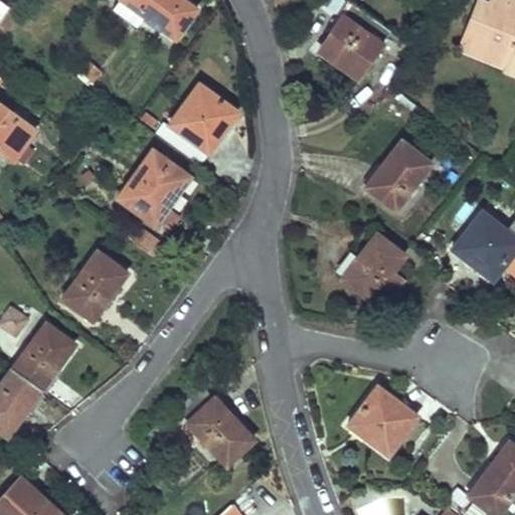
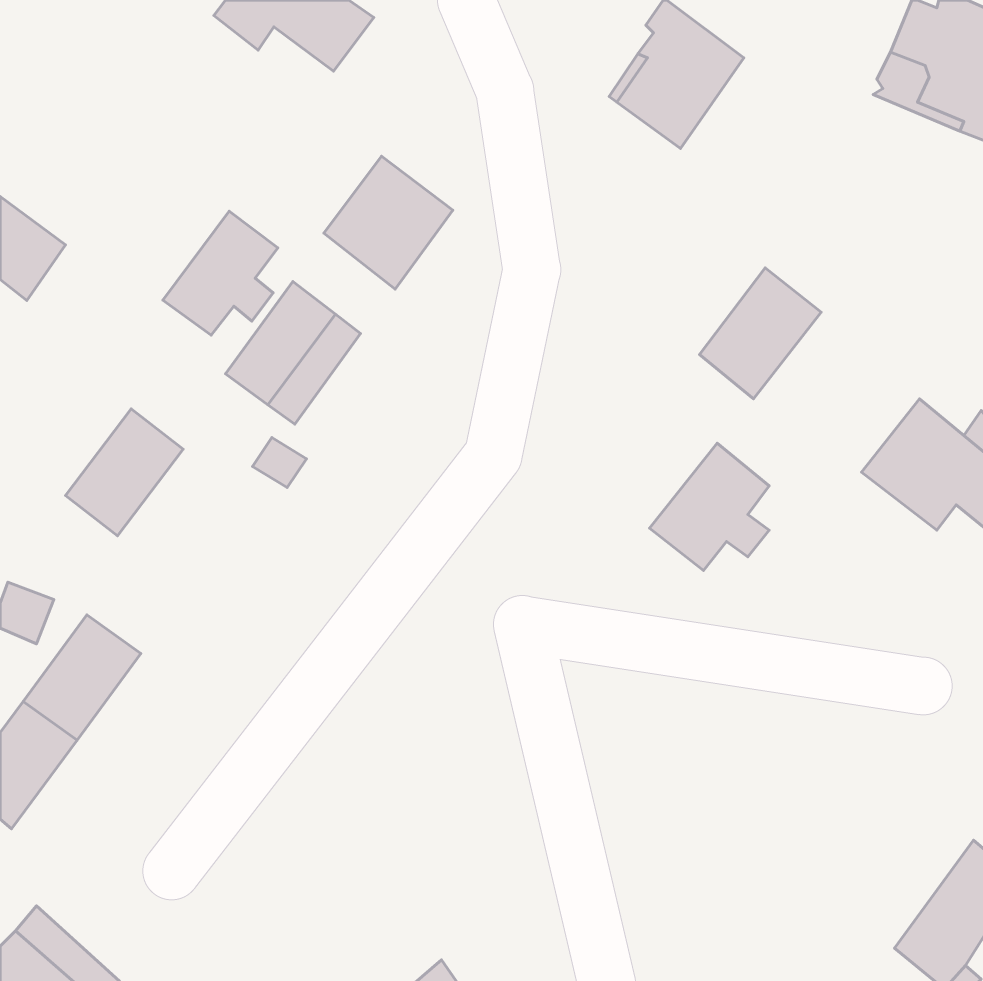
building: none -> [163,211,278,335]
building: [64,251,126,318] -> [66,409,183,536]
building: [348,386,416,454] -> none
building: [187,397,253,465] -> none

